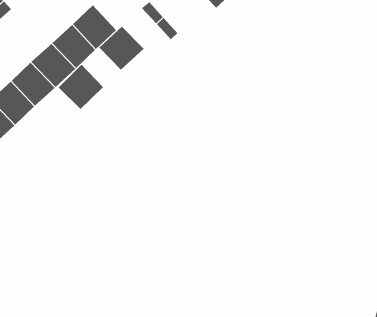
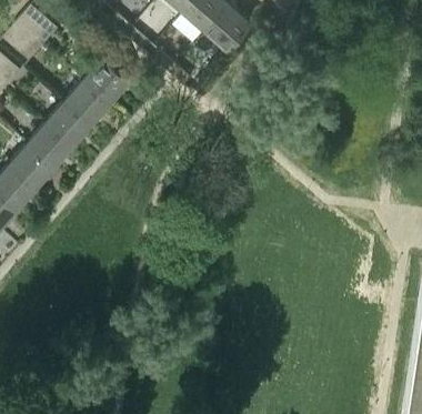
building: [98,26,144,71] -> none
building: [58,64,104,110] -> none

